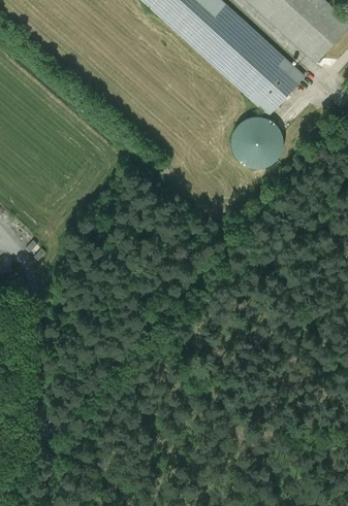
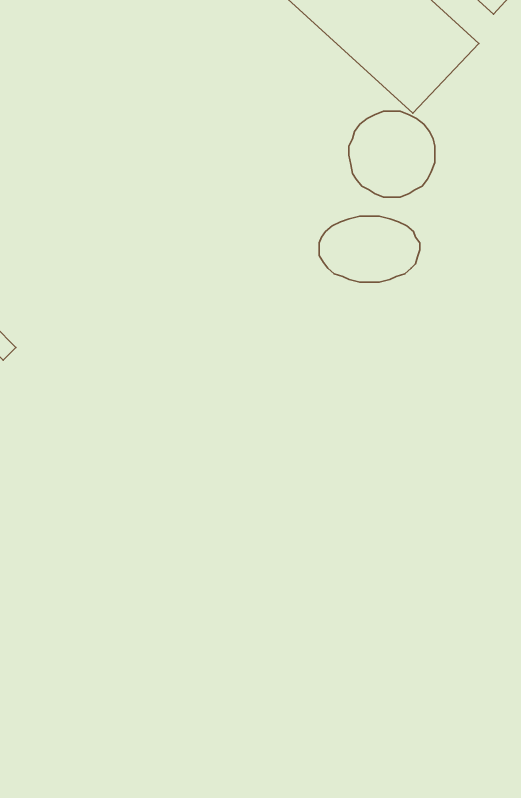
building: none -> [319,216,420,282]

